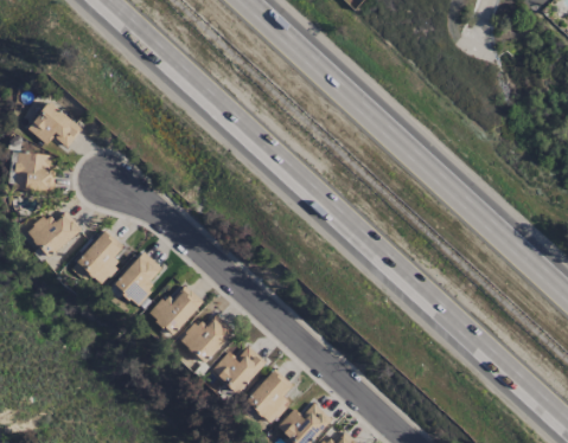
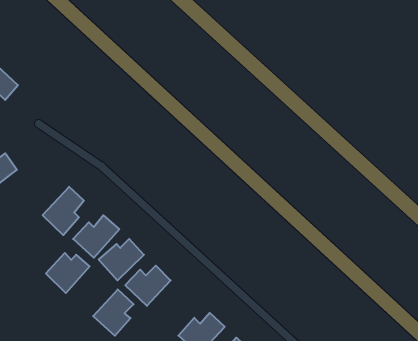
building: [76,230,122,285] -> none
building: none -> [46,253,90,293]
building: [244,368,293,424] -> [93,289,134,336]

